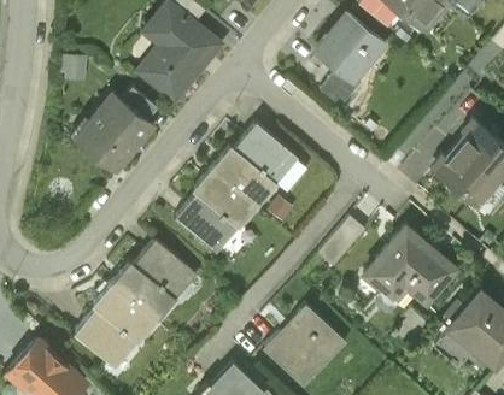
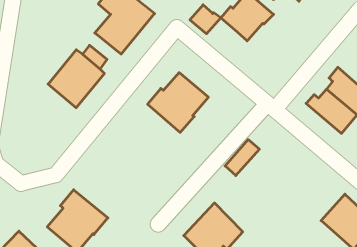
building: [317,70,359,110] -> [190,5,221,34]
building: [175,169,257,253] -> none
building: [365,228,455,312] -> none
building: [111,241,195,324] -> none

